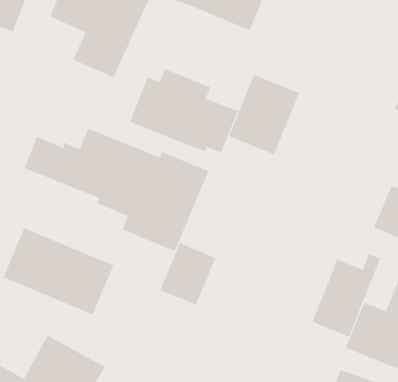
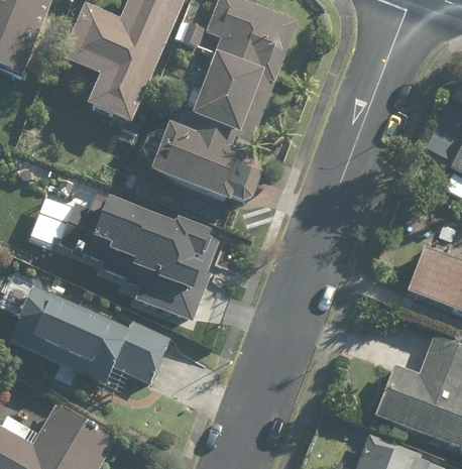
building: [228,74,300,155] -> [182,51,258,138]
building: [160,242,216,305] -> [112,319,172,386]
building: [312,253,381,337] -> none

